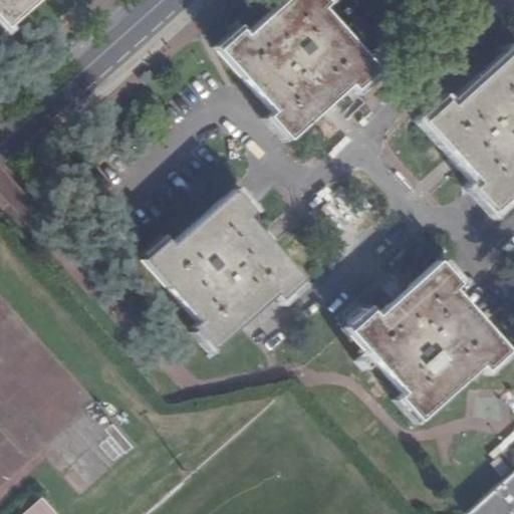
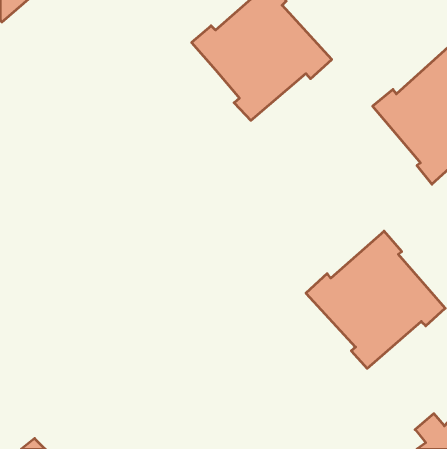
building: [149,192,304,348] -> none

